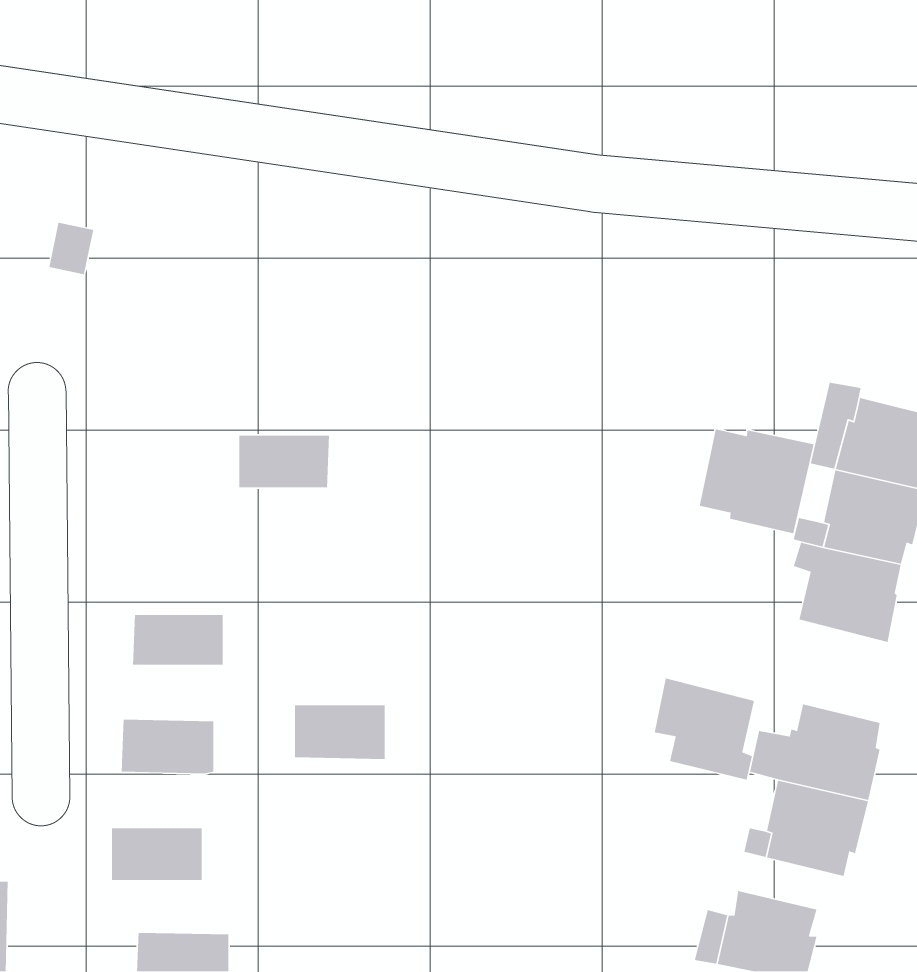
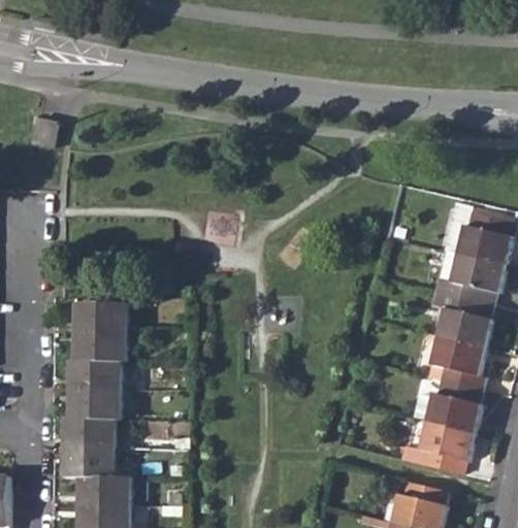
building: [699,428,814,534] -> none
building: [238,435,330,488] -> [76,304,126,333]
building: [654,678,755,780] -> [430,336,485,392]
building: [294,705,386,760] -> [70,361,120,391]
building: none -> [64,419,115,449]
building: none -> [78,477,128,506]

